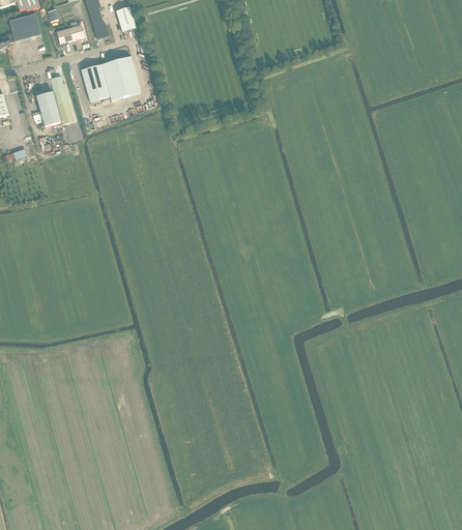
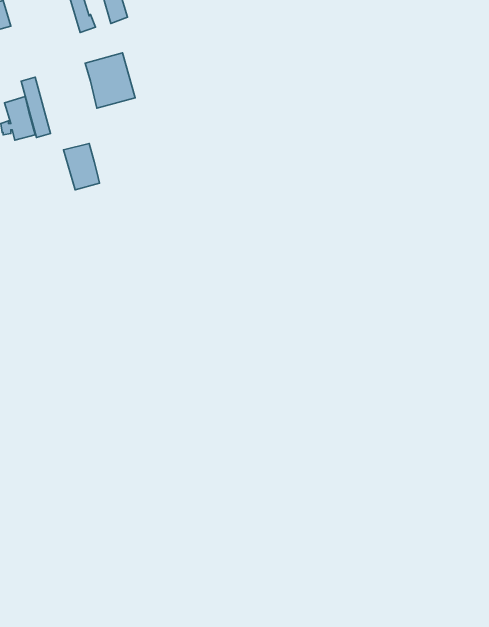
building: [54,24,84,47] -> none
building: [80,63,109,100] -> [64,144,99,190]

